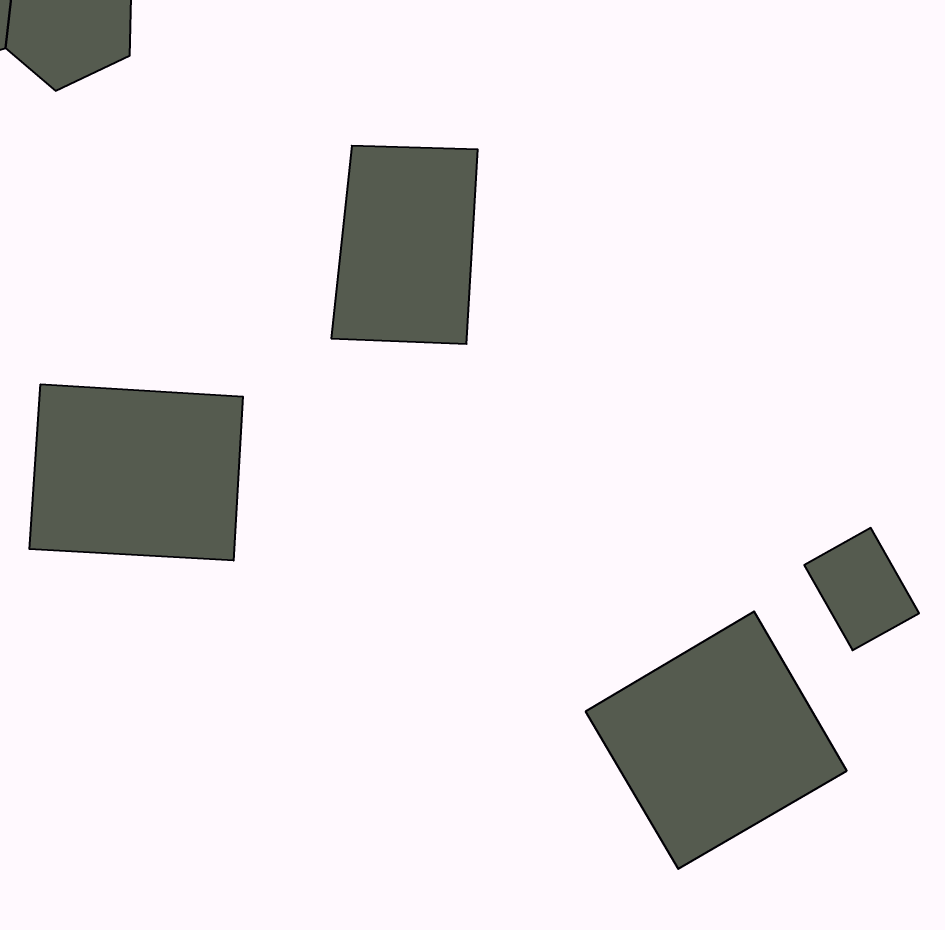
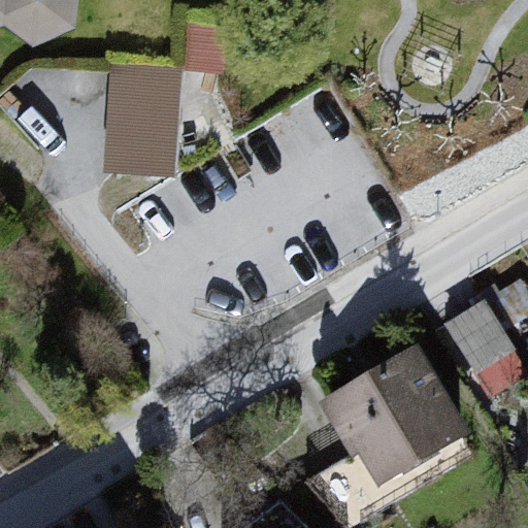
building: [331,146,478,344] -> [98,71,179,182]
building: [29,384,243,561] -> none

